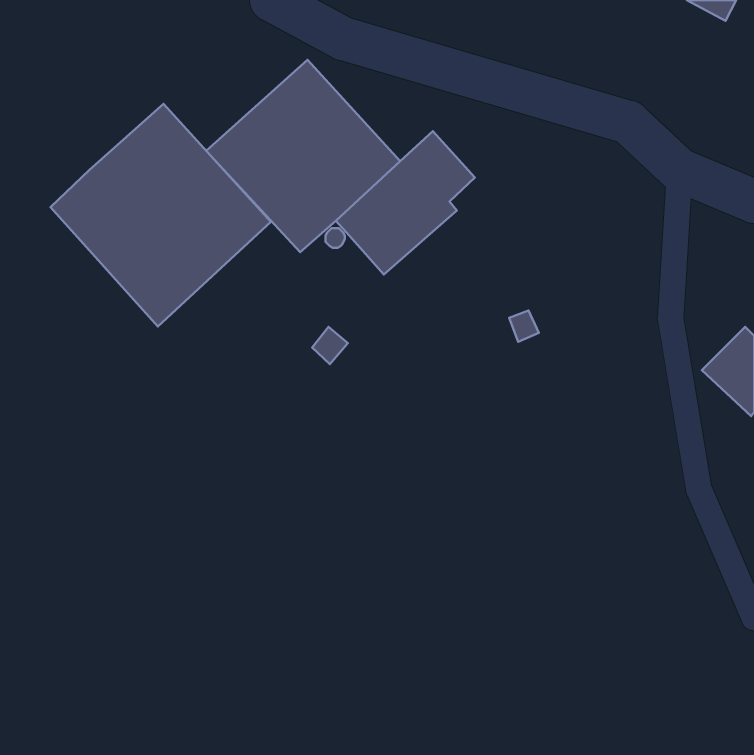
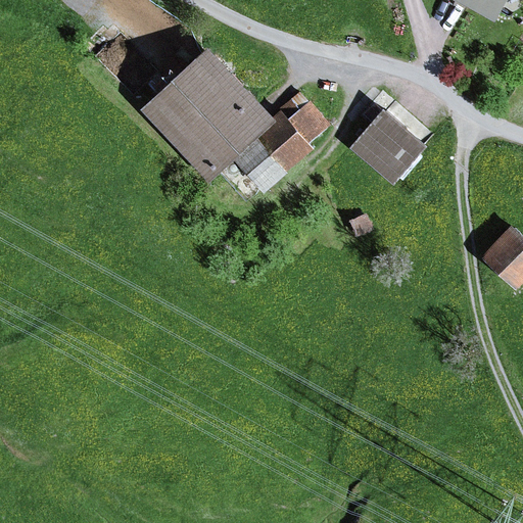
building: [51,104,271,327] -> none
building: none -> [350,109,427,185]

